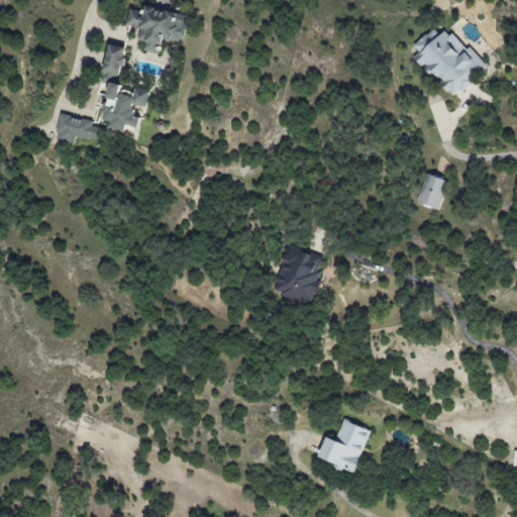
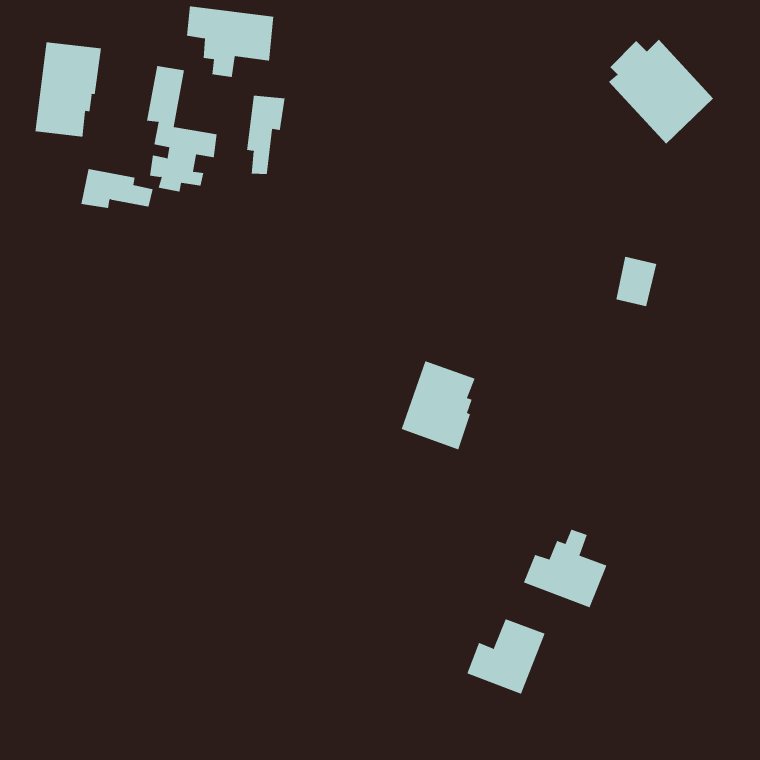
building: none -> [35,42,101,137]
building: none -> [247,95,285,175]
building: none -> [523,529,607,608]

